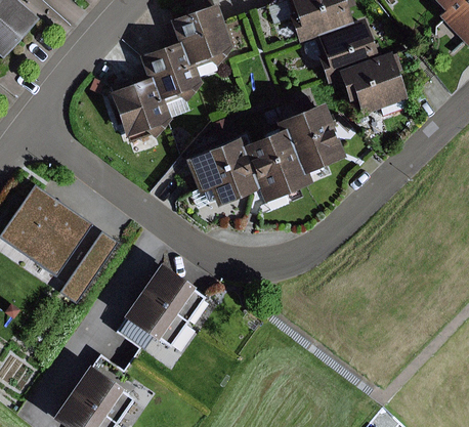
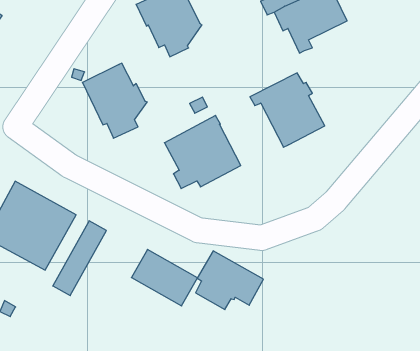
building: [140,41,204,117] -> none
building: [334,51,409,116] -> none
building: [243,129,313,210] -> none
building: [120,291,188,350] -> [196,251,263,310]

